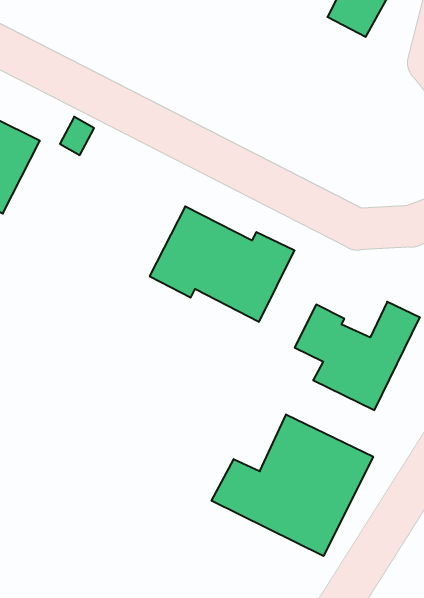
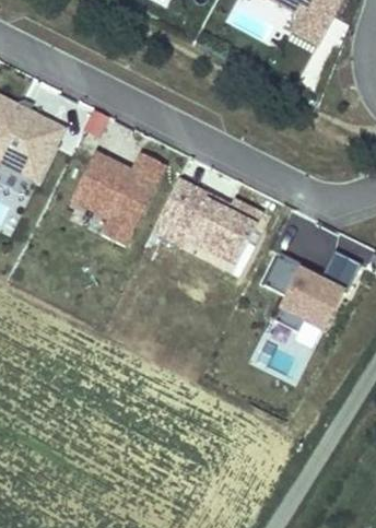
building: none -> [70,149,167,244]
building: [212,414,373,556] -> none

